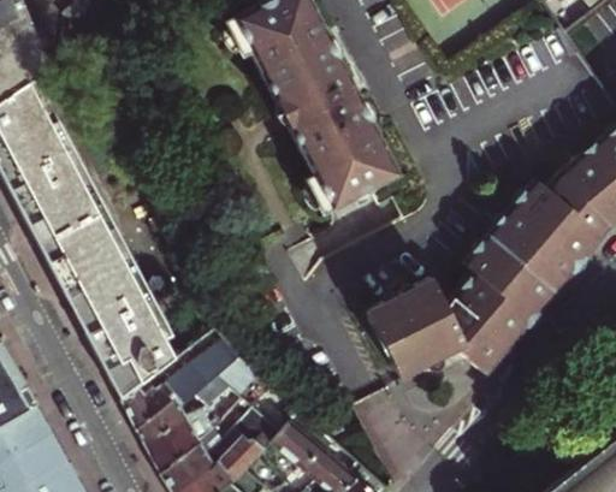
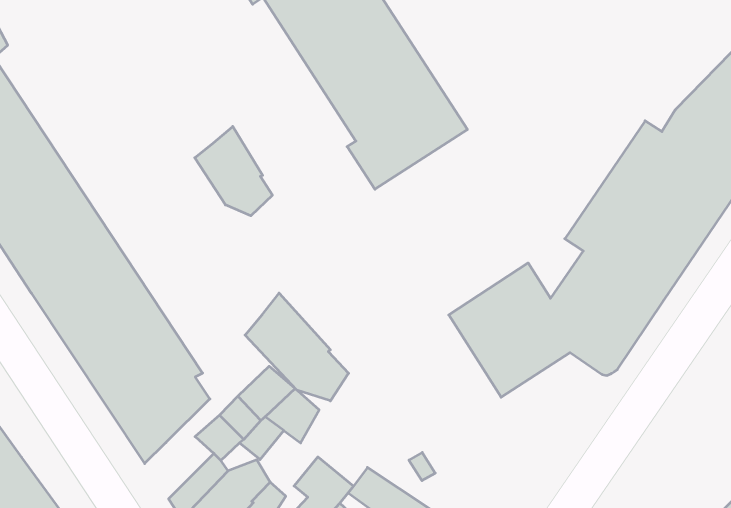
building: none -> [195,126,272,216]
building: none -> [245,293,349,401]
building: [123,386,177,432] -> none

